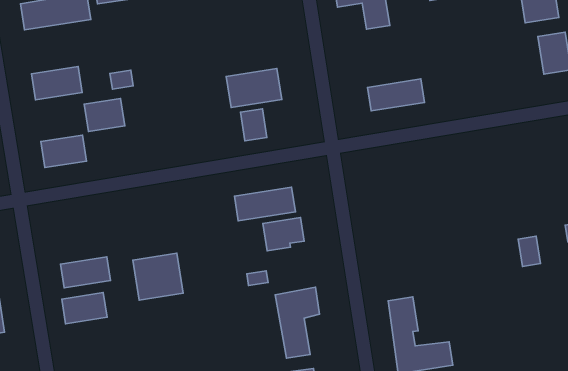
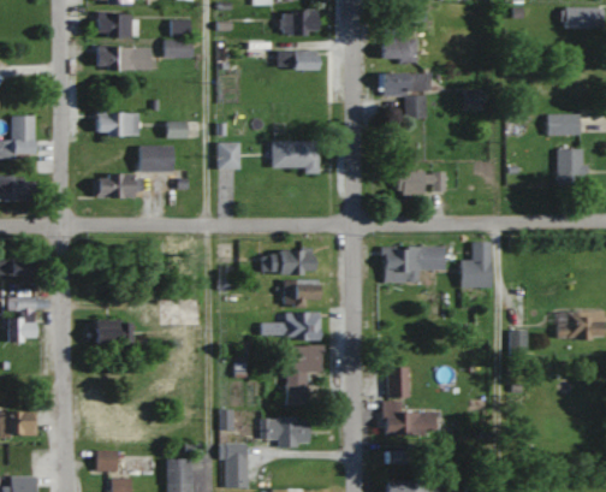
building: [240,109,267,141] -> [219,142,239,168]
building: none -> [462,241,492,286]
building: none -> [382,245,445,278]
building: none -> [285,313,320,339]
building: [61,257,111,288] -> none

